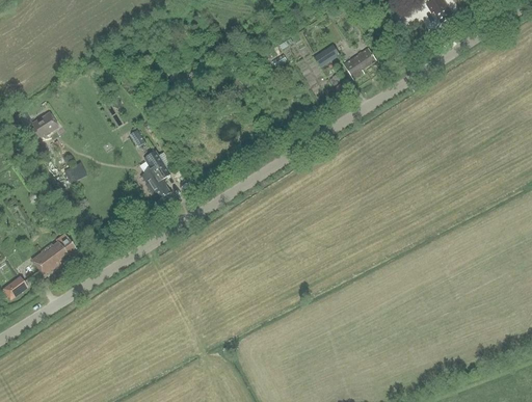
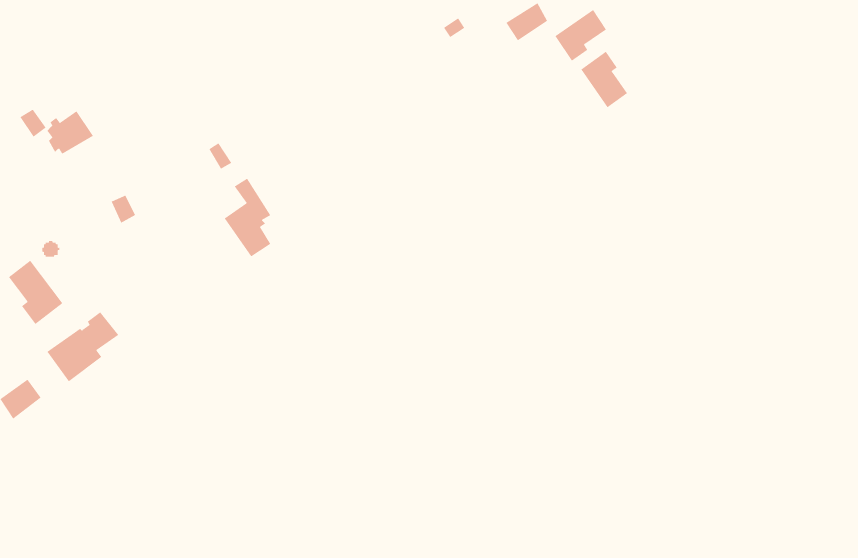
building: none -> [580,51,628,108]
building: none -> [8,260,63,325]

